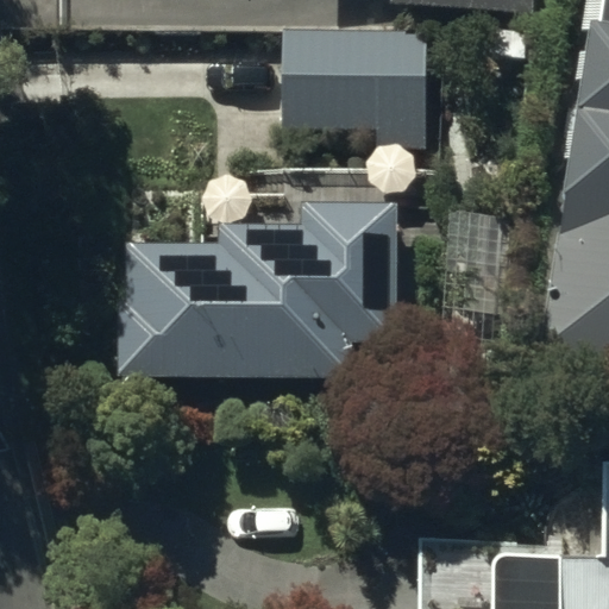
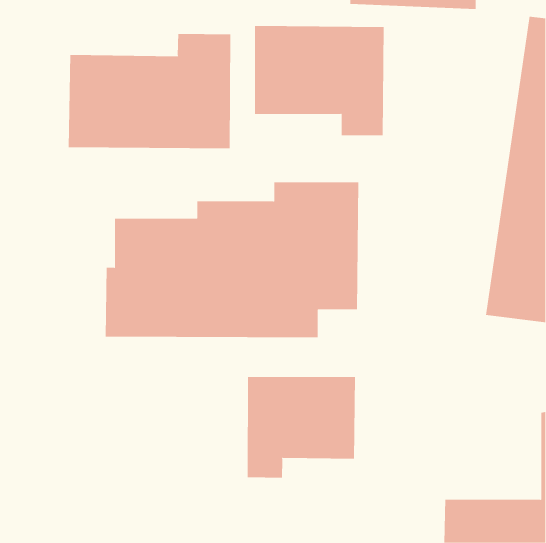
building: none -> [68,33,231,149]
building: none -> [247,376,356,478]

